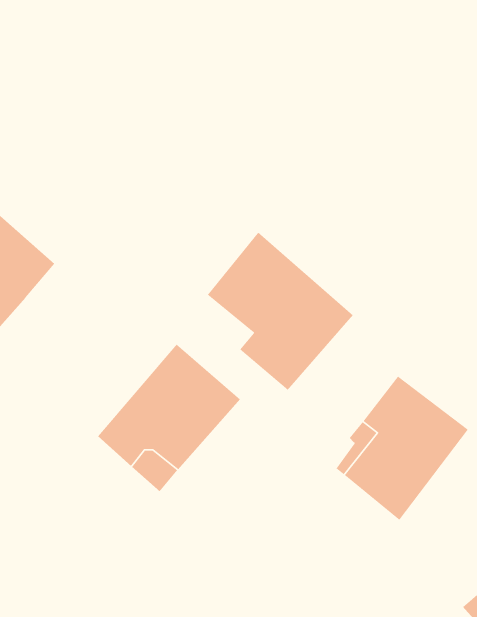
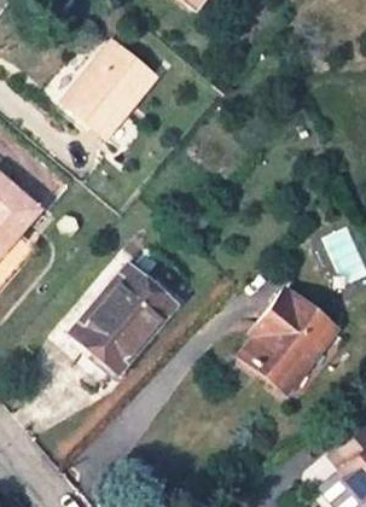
building: none -> [63,41,156,136]
building: [207,232,354,391] -> none

